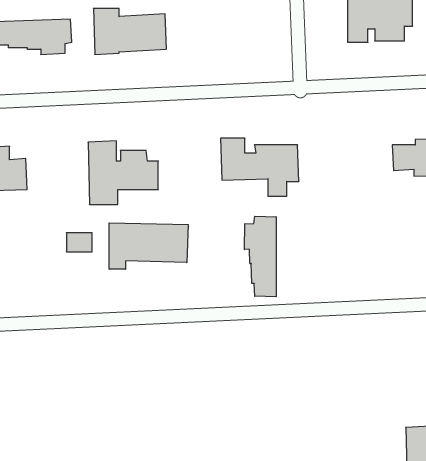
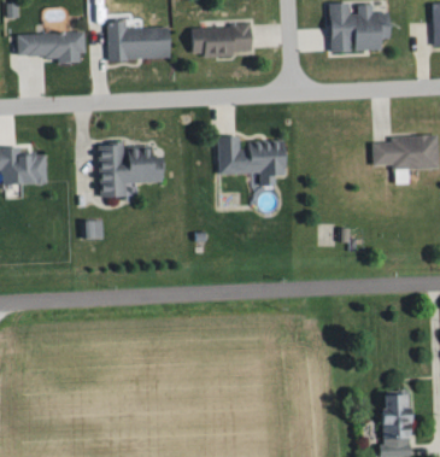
building: none -> [192,27,251,55]
building: [244,216,276,297] -> none
building: [109,223,188,269] -> none

